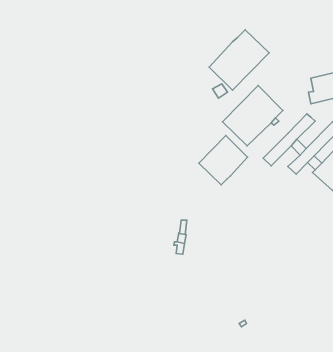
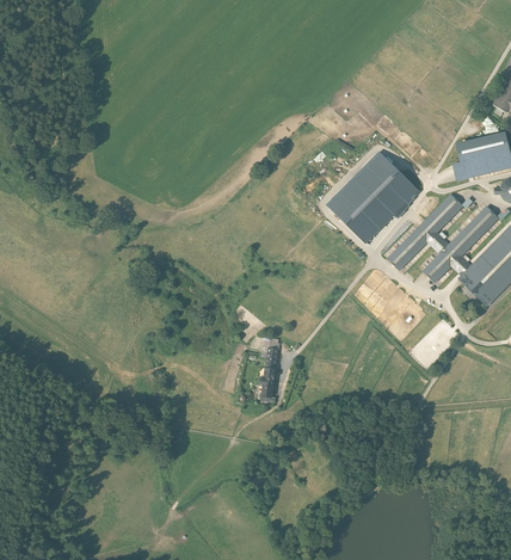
building: [209,30,269,90] -> none
building: [199,136,248,185] -> none

